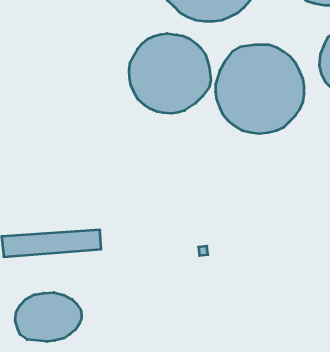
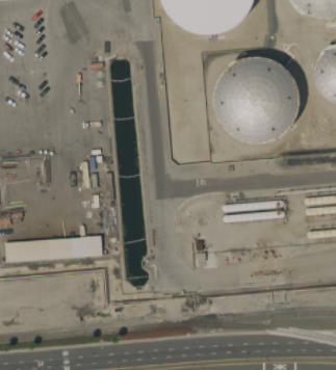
building: [129,33,211,113] -> none
building: [15,292,82,342] -> none

